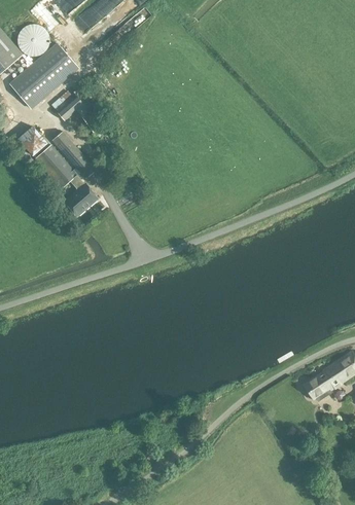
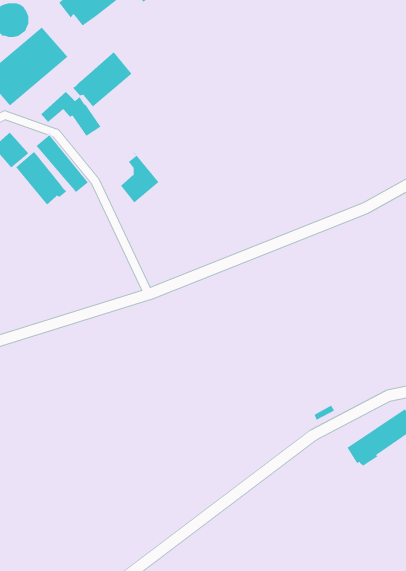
building: none -> [72,51,132,108]
building: [65,174,97,216] -> [120,152,160,204]

